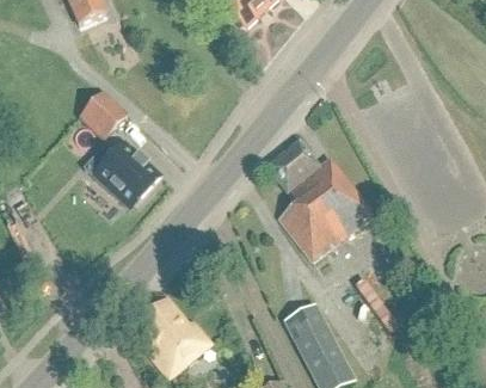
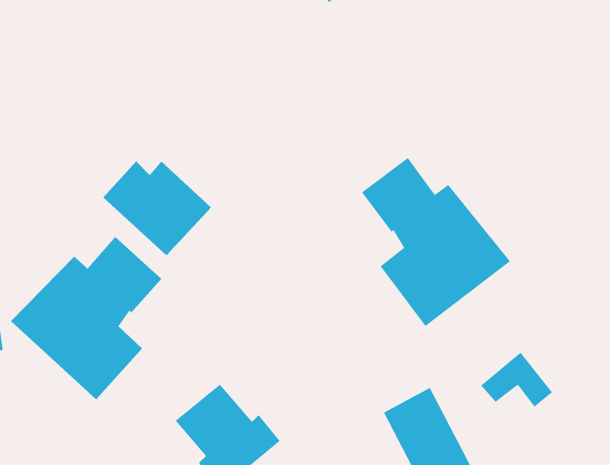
building: [80,91,127,138] -> none
building: none -> [10,236,162,400]

